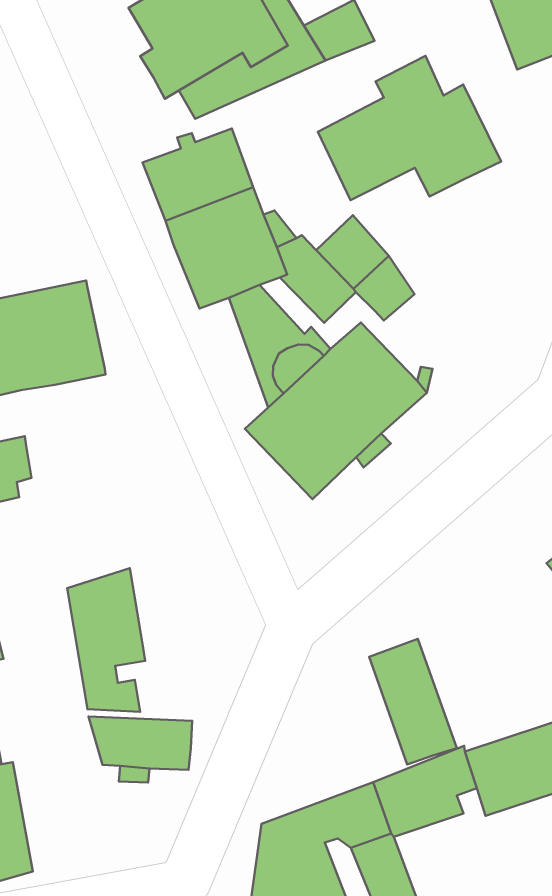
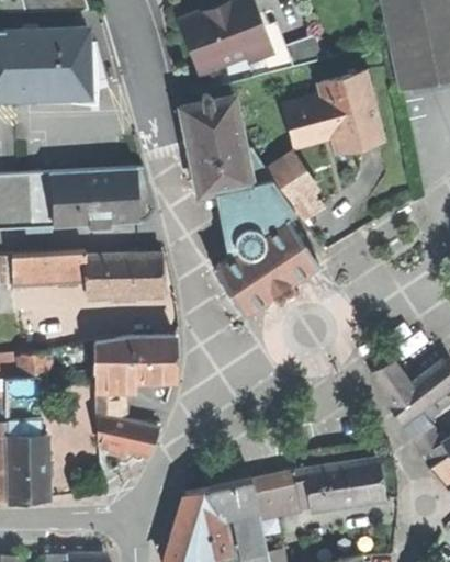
building: none -> [234,186,296,231]
building: none -> [87,255,165,299]
building: none -> [134,336,176,380]
building: [369,639,457,765] -> none

